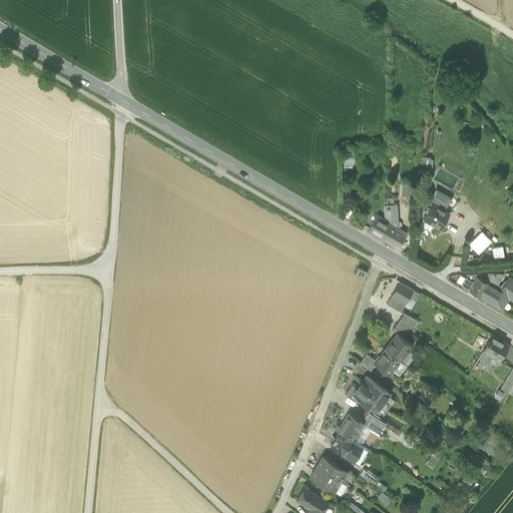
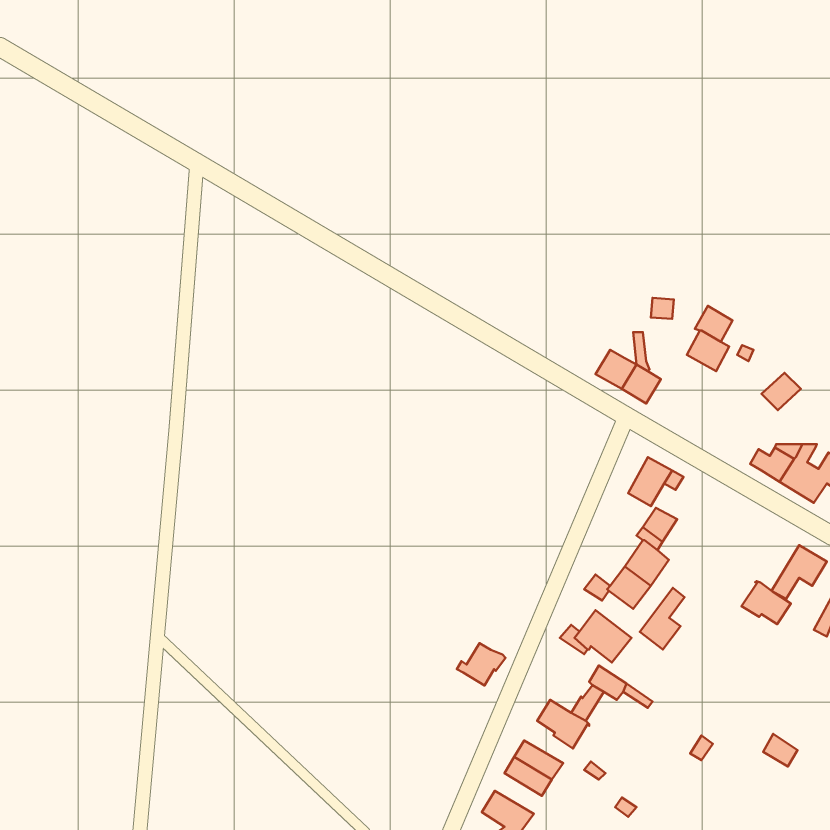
building: none -> [741,581,791,624]
building: none -> [640,588,685,650]
building: [336,414,366,440] -> [457,643,506,686]

